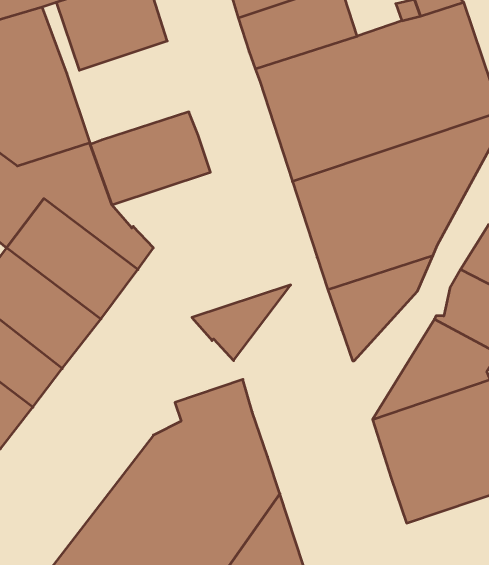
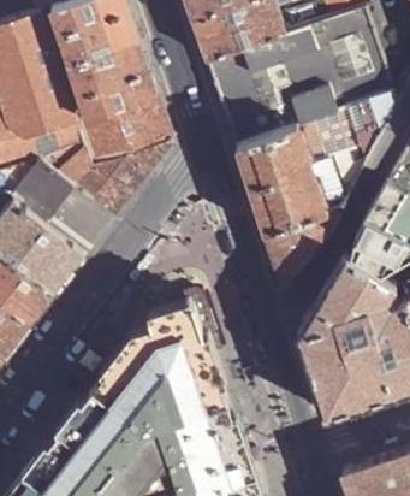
building: none -> [67,45,153,122]
building: [192,285,291,361] -> [93,147,170,206]

